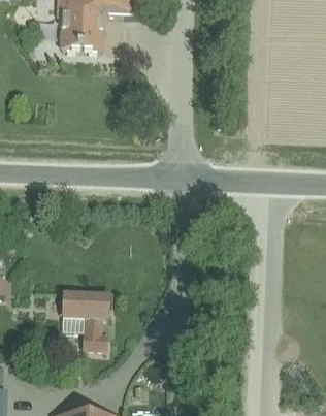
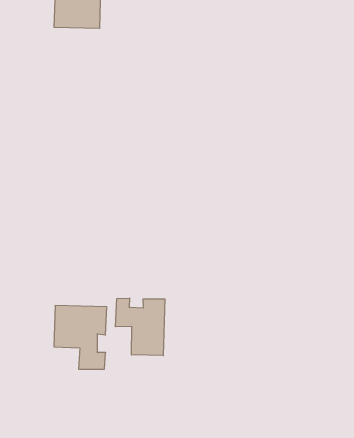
building: none -> [116,298,165,356]

